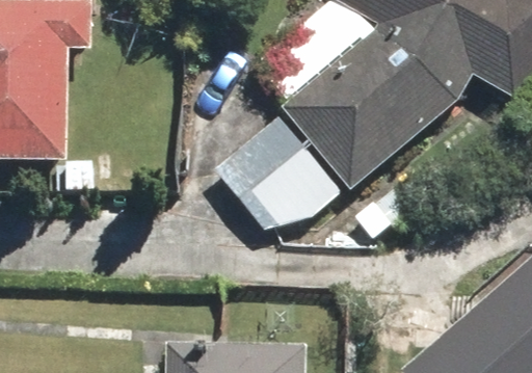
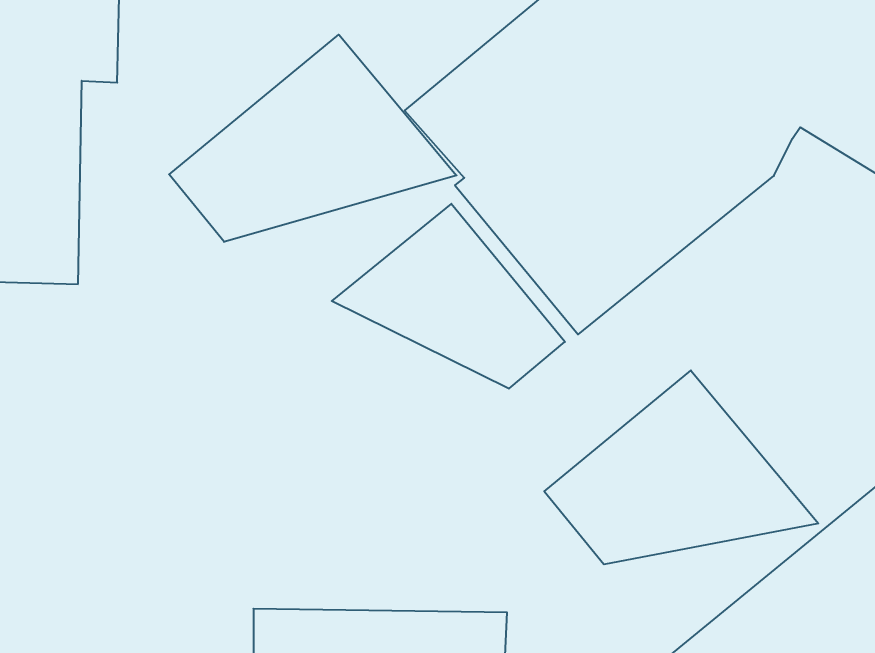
building: none -> [169,35,457,242]
building: none -> [544,370,818,564]

